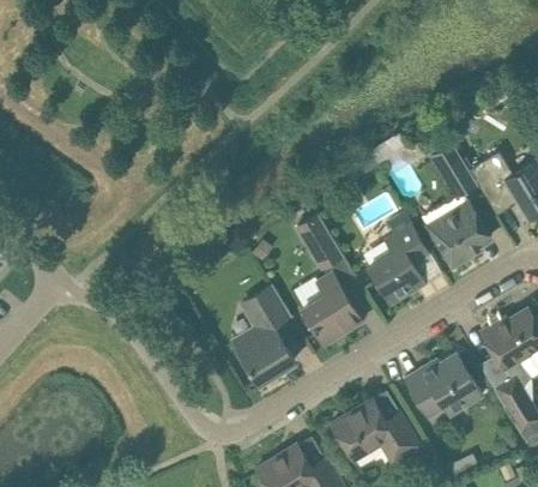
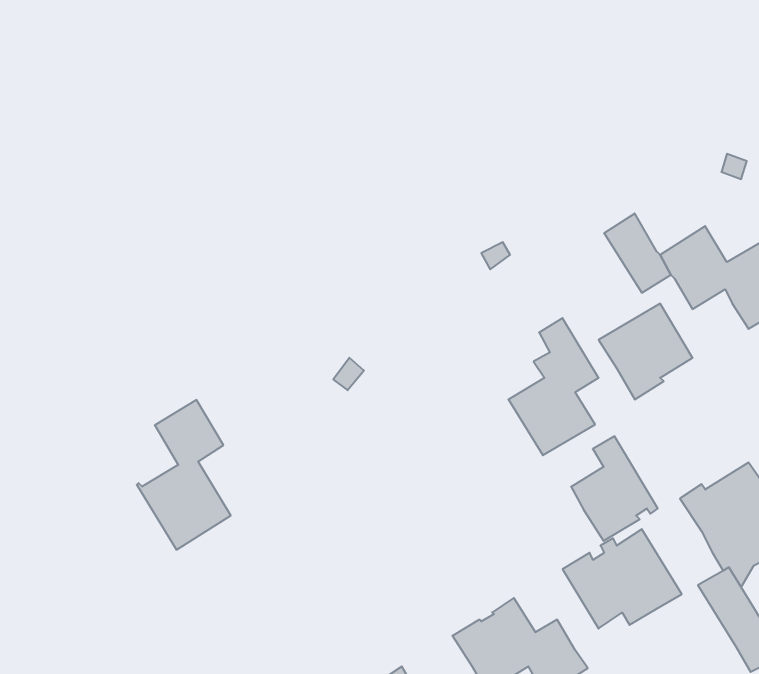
building: [296,212,343,267] -> none
building: [303,273,361,343] -> [571,436,658,541]
building: [232,284,295,384] -> [137,400,231,550]

